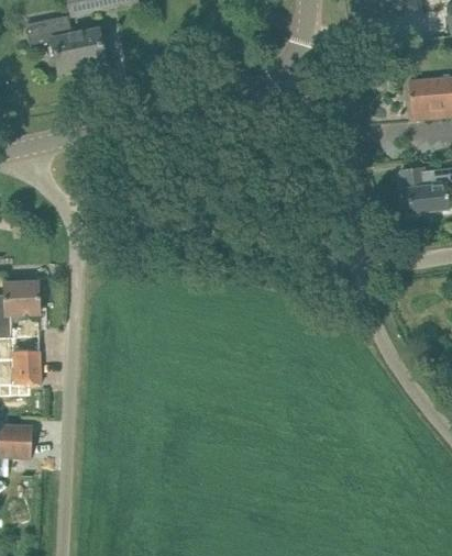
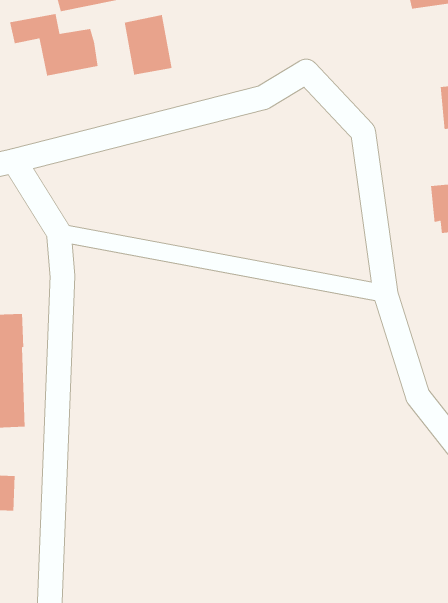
building: none -> [124,14,172,75]

